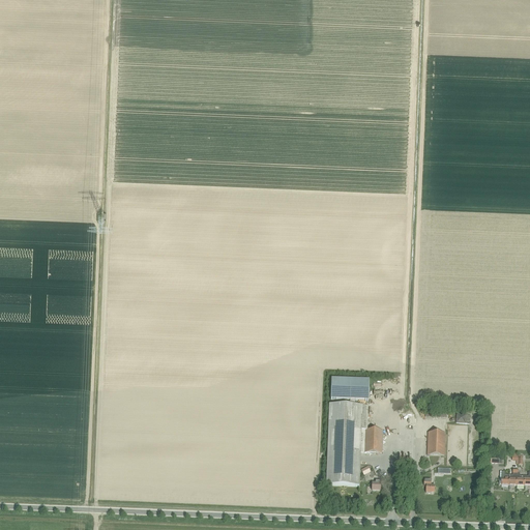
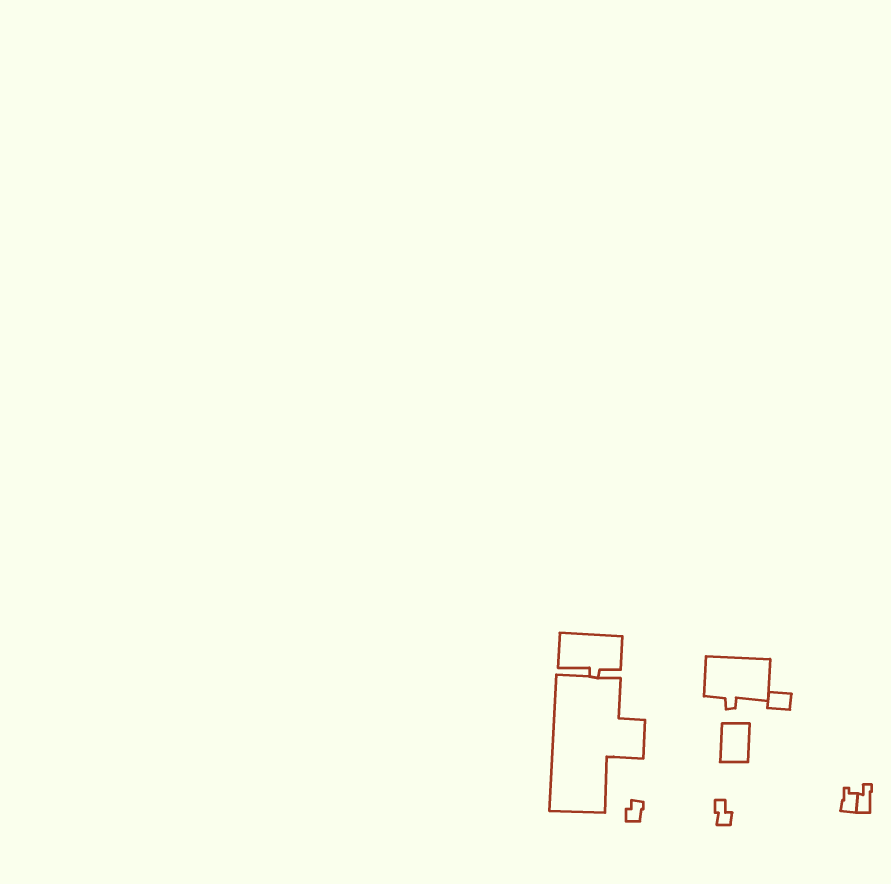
building: none -> [704,656,770,709]

